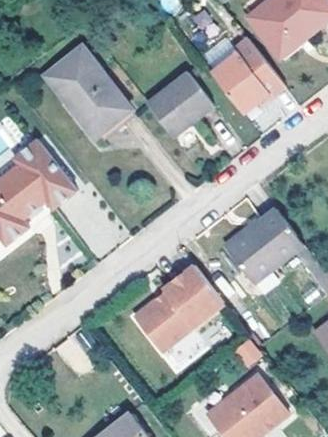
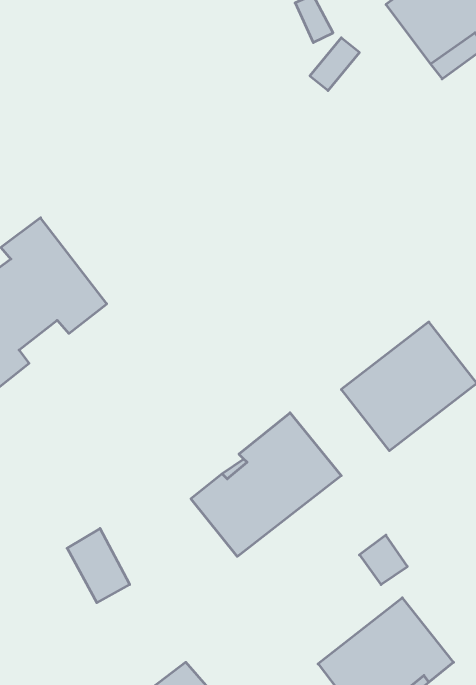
building: [212,39,287,115] -> none
building: [45,46,130,132] -> none
building: [147,70,213,134] -> none

